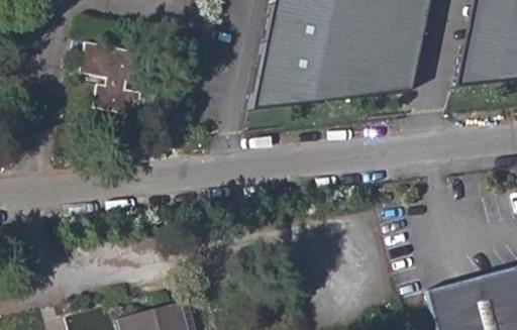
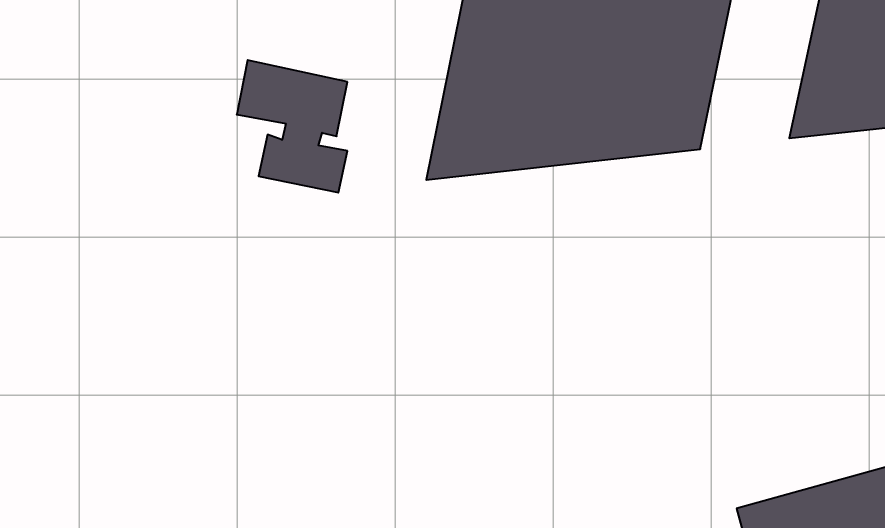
building: [84,42,145,116] -> [237,60,347,193]

